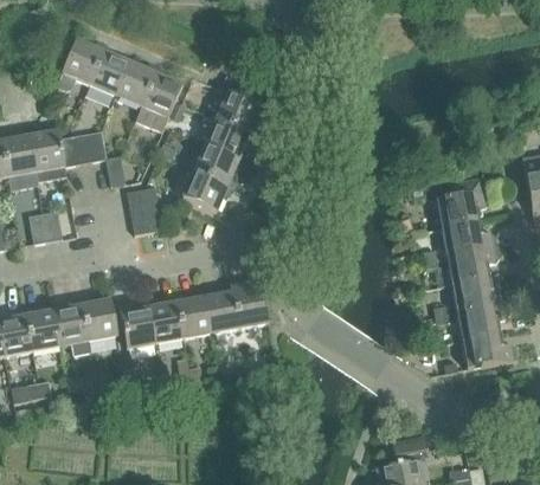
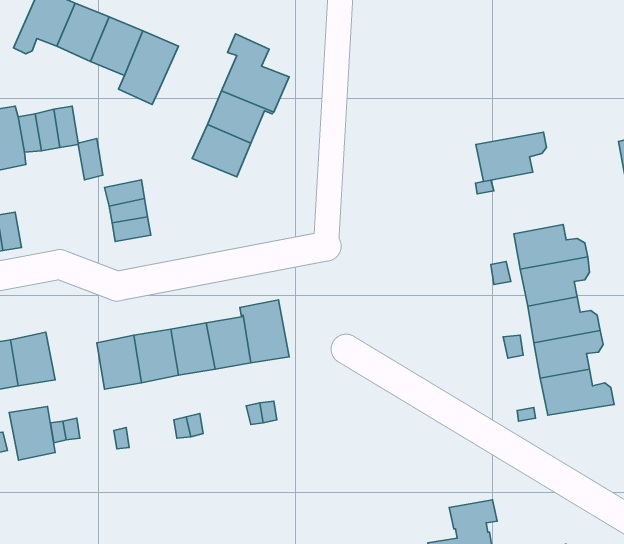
building: [184,170,229,212] -> none
building: [436,190,490,228] -> [476,132,547,181]
building: [82,299,117,341] -> [9,407,55,460]

